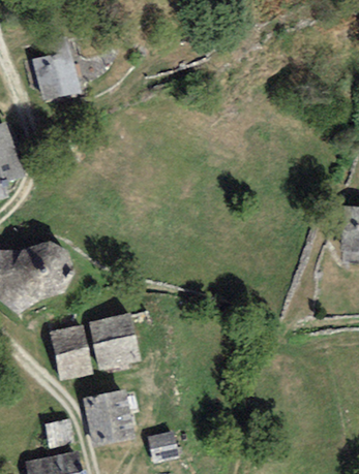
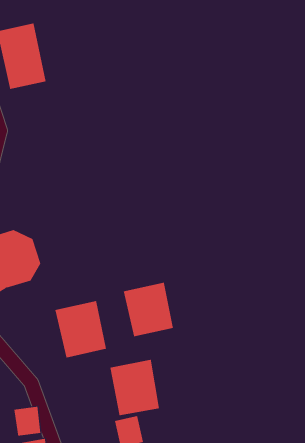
building: none -> [123,282,174,337]
building: [51,324,91,379] -> none
building: [82,389,132,446] -> [109,359,160,416]

